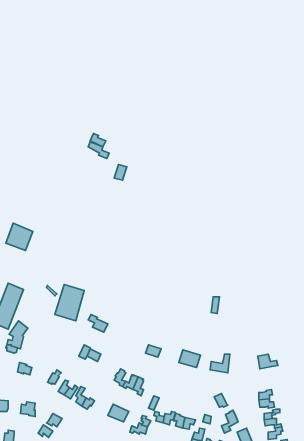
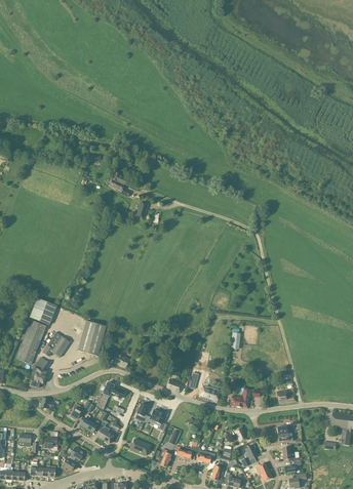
building: [6,223,33,250] -> [30,297,56,324]
building: none -> [42,331,70,357]

